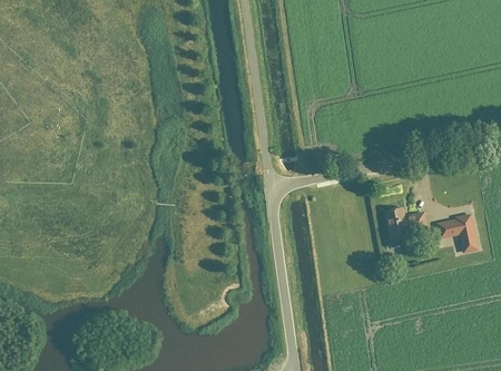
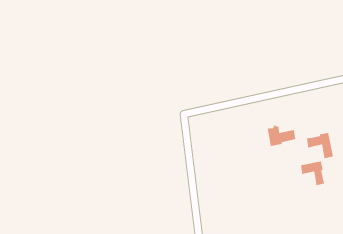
building: none -> [300,161,325,186]

